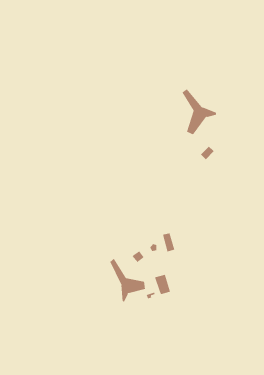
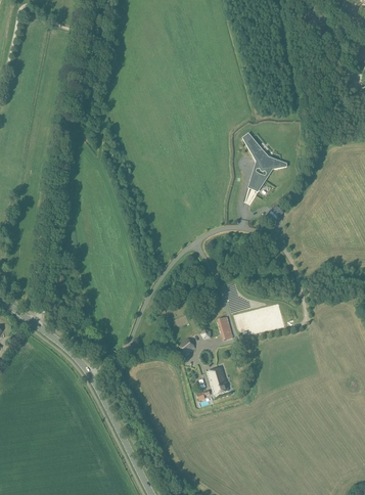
building: [109,258,145,303] -> none

